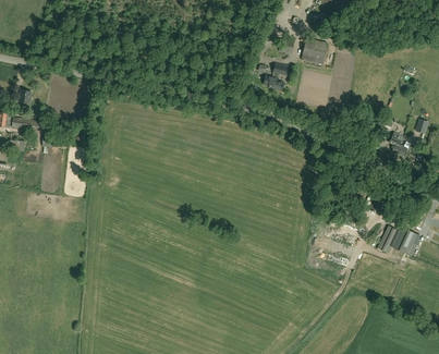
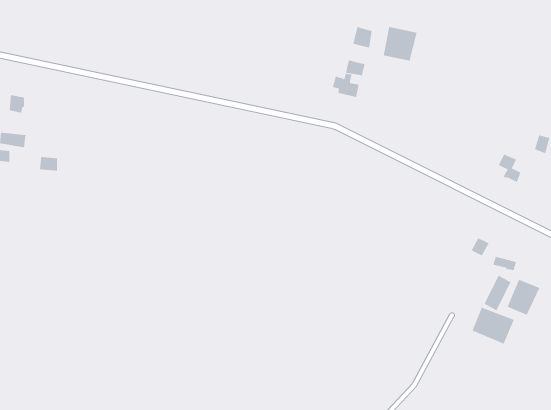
building: none -> [472,307,514,344]

